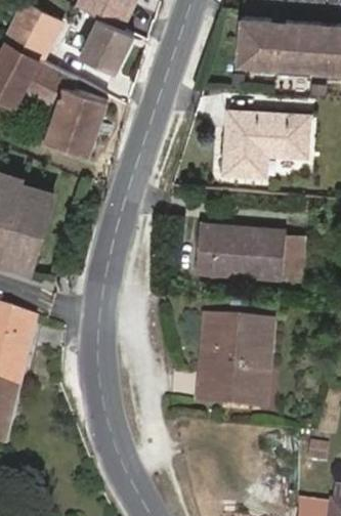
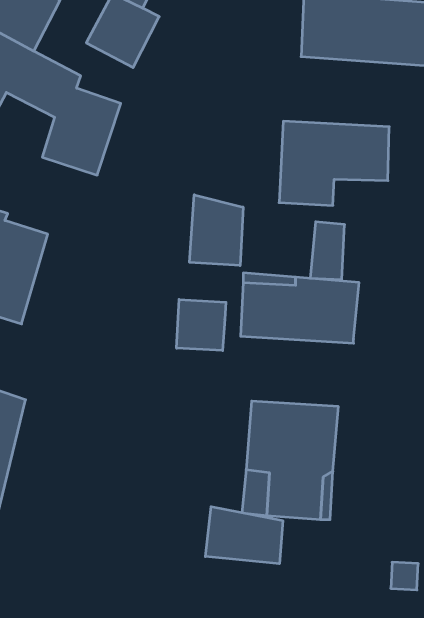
building: none -> [190,195,243,266]
building: [280,231,305,274] -> [310,222,345,280]
building: none -> [177,299,226,351]
building: none -> [205,507,283,564]

